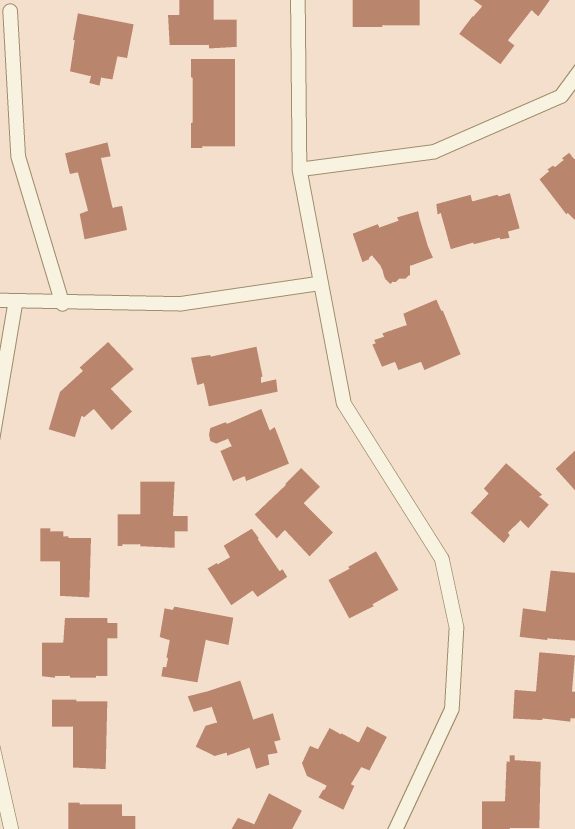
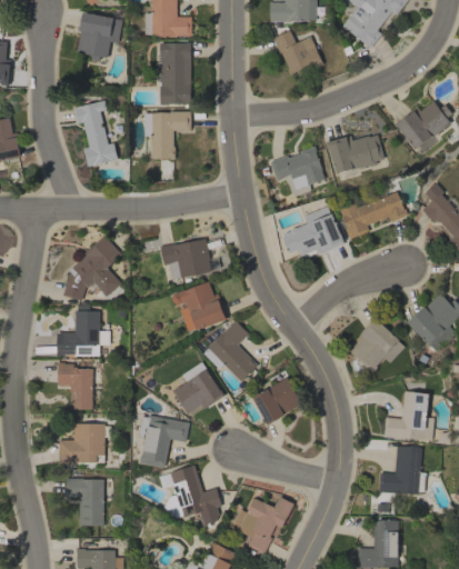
building: none -> [273,31,323,78]
building: none -> [144,111,191,160]
building: none -> [339,191,408,239]
building: [117,481,189,548] -> [60,311,109,357]

